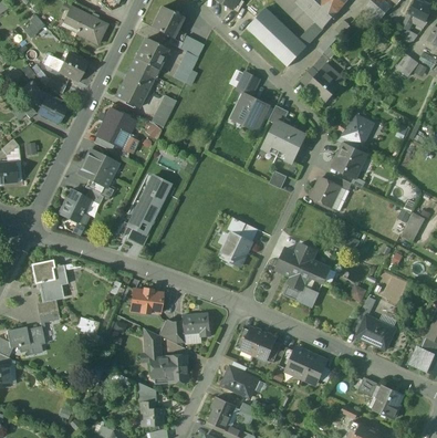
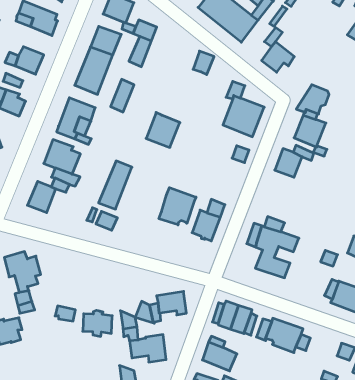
building: [232,93,268,129] -> [146,112,180,147]
building: none -> [159,188,196,225]
building: [131,288,162,314] -> [83,310,112,336]

